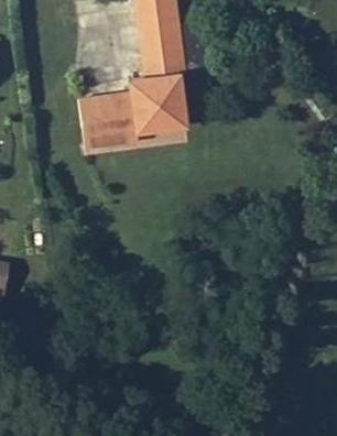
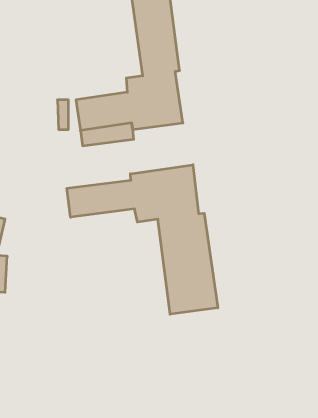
building: none -> [67,165,218,314]

